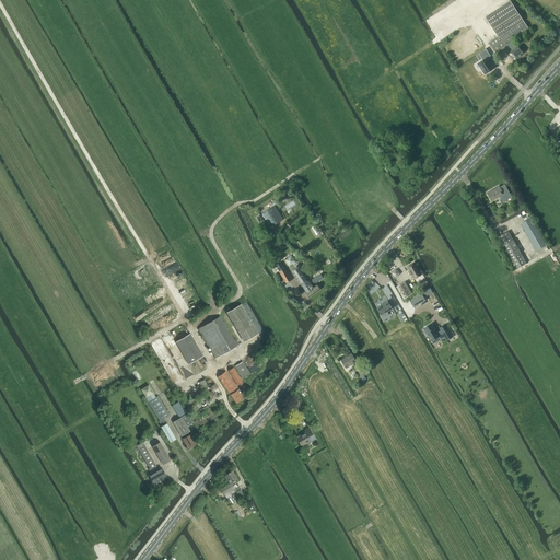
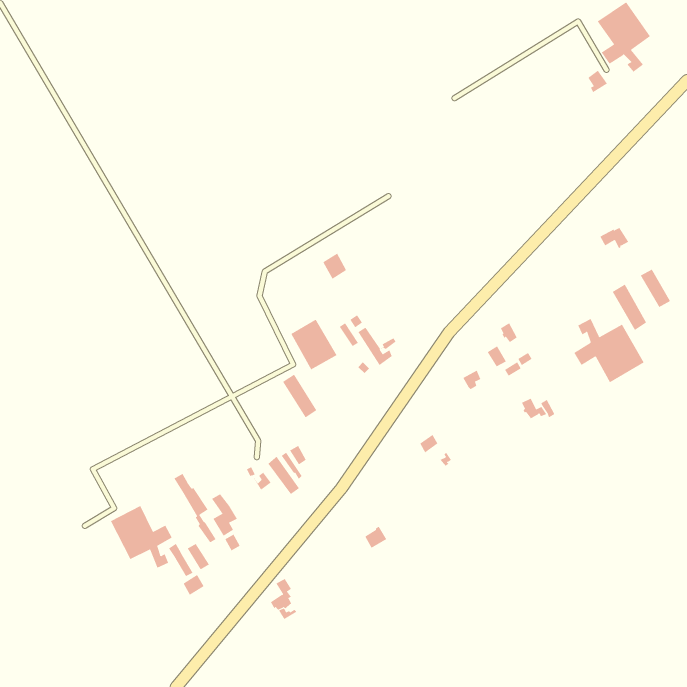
building: none -> [573,318,645,383]
building: [199,316,237,358] -> [291,319,338,370]
building: [176,334,203,364] -> none
building: none -> [110,505,172,568]

